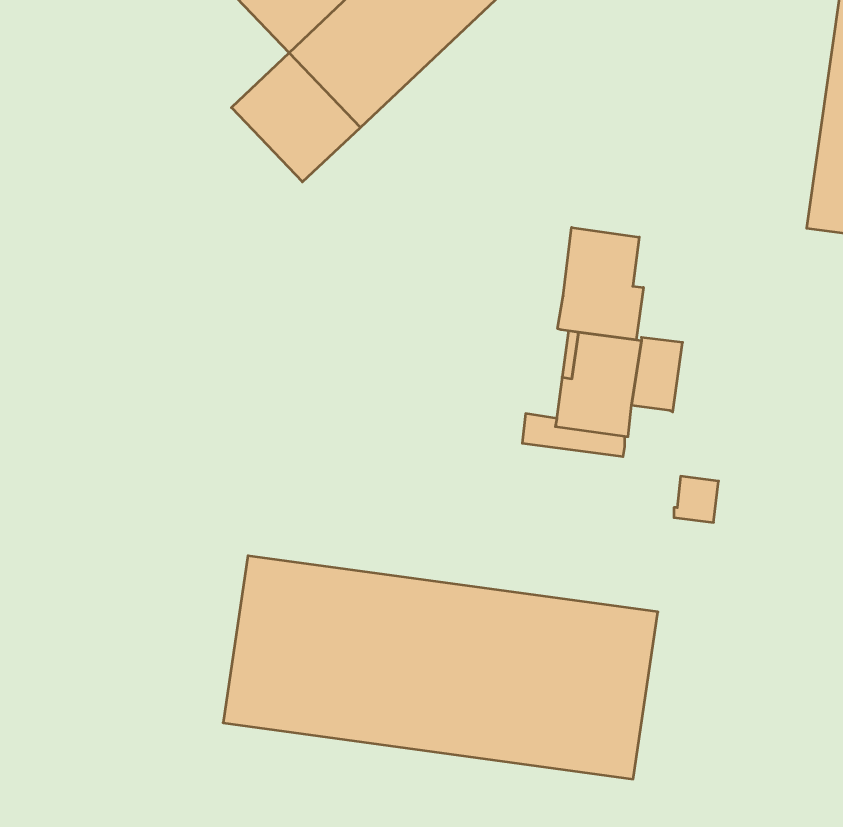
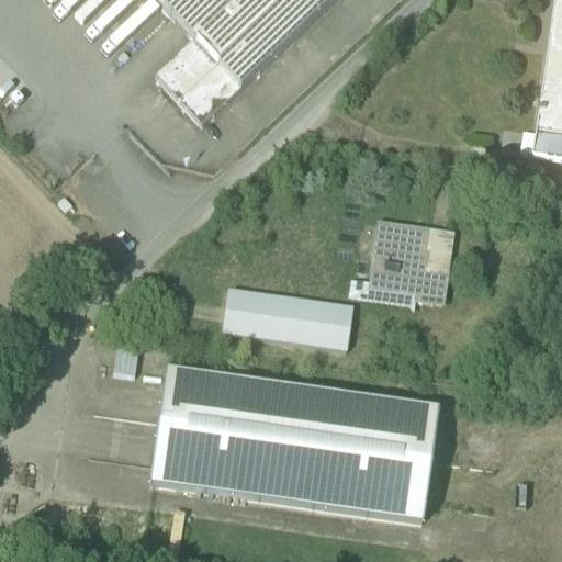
building: [558,227,643,340] -> none
building: none -> [223,285,352,347]
building: [674,476,719,522] -> [416,269,446,300]

